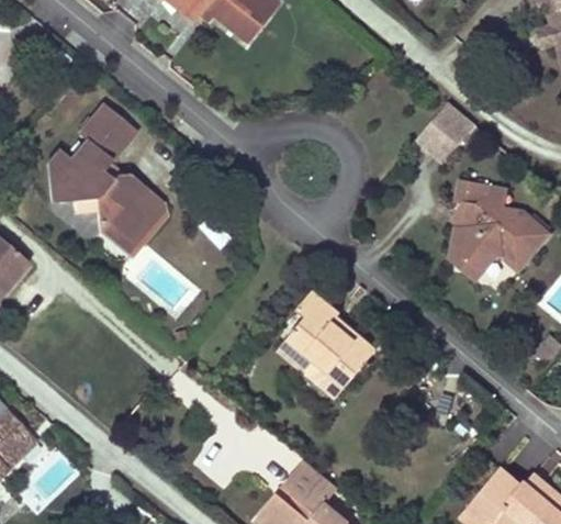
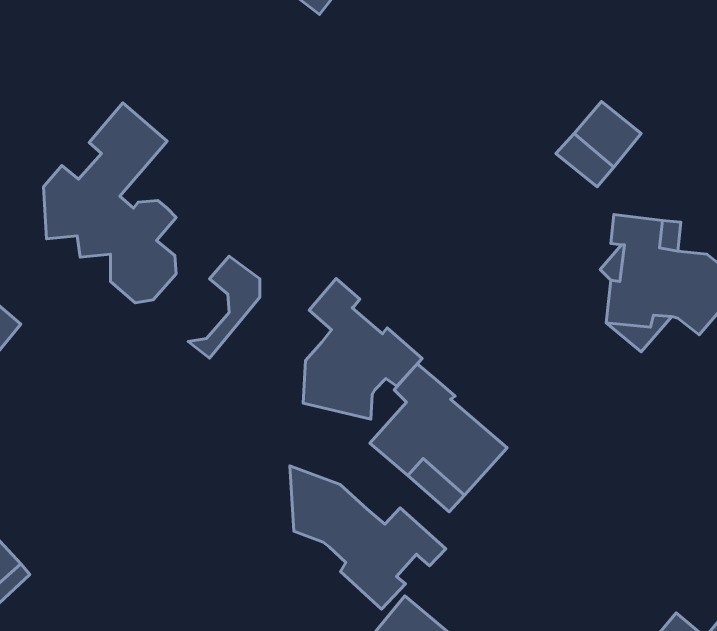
building: [112,185,164,258] -> [188,256,260,358]
building: none -> [303,278,422,419]
building: none -> [290,466,446,609]

